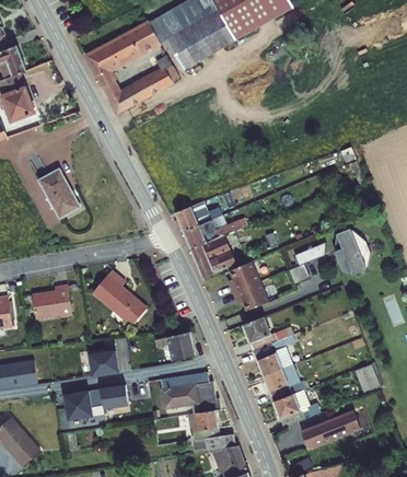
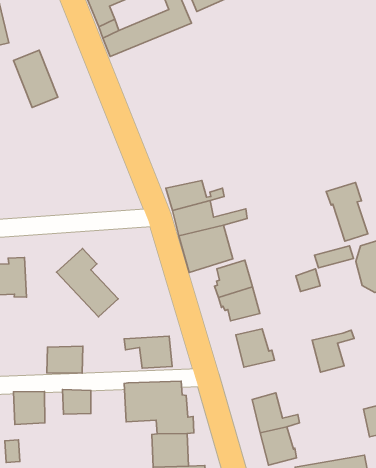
building: [45,168,84,216] -> [14,50,58,108]
building: none -> [326,182,368,241]
building: [254,338,288,375] -> [312,330,354,372]

